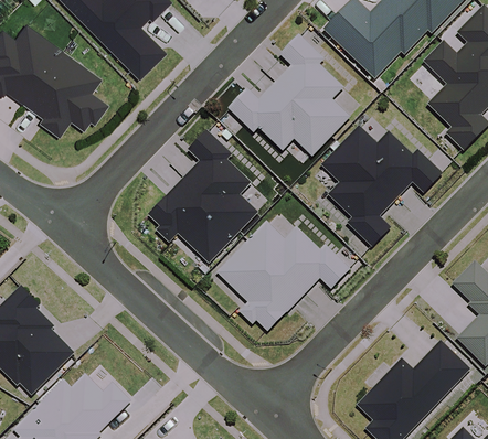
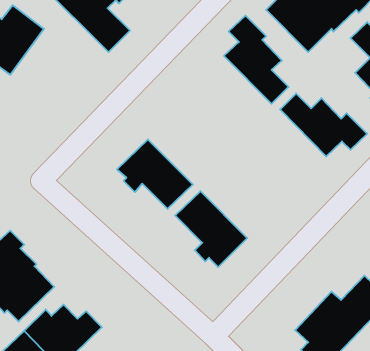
building: [22,50,106,133] -> none
building: [229,82,330,156] -> none
building: [182,130,257,233] -> none
building: [320,144,394,245] -> none
building: [246,221,350,296] -> none

